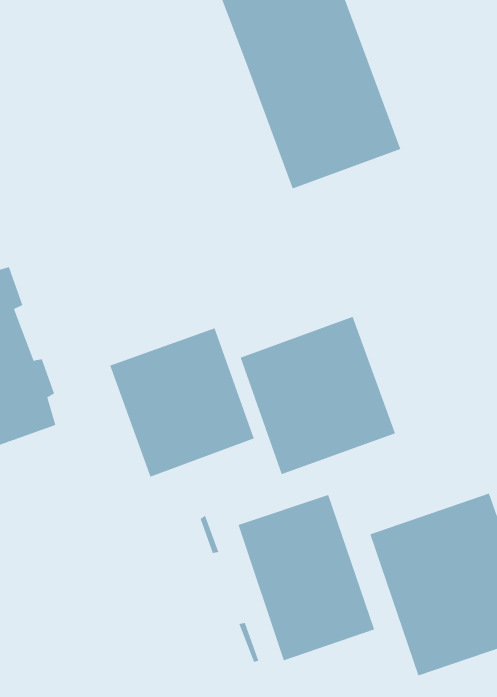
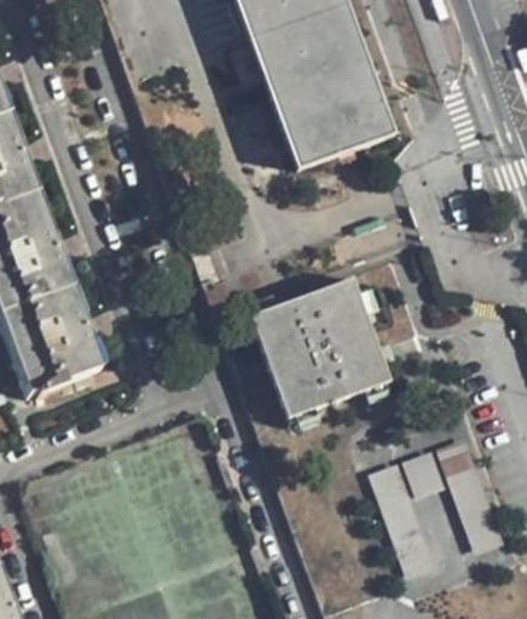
building: [109,328,255,478] -> none
building: [238,494,375,661] -> none

